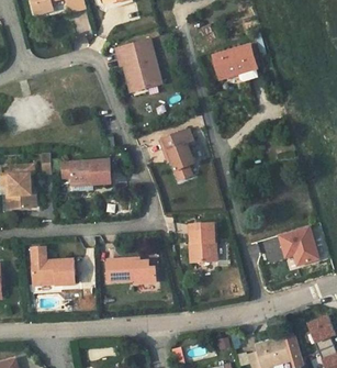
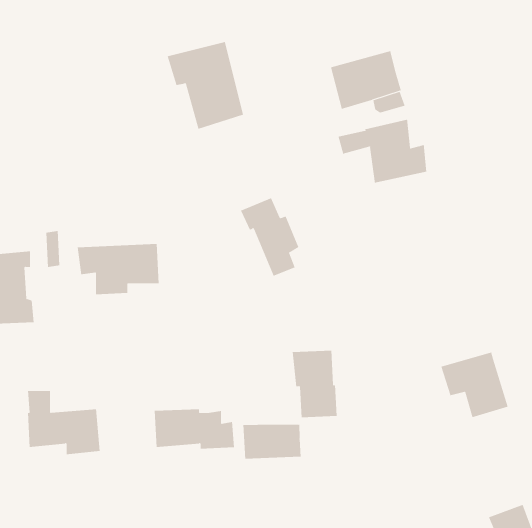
building: none -> [338,119,427,183]
building: none -> [243,424,301,459]

